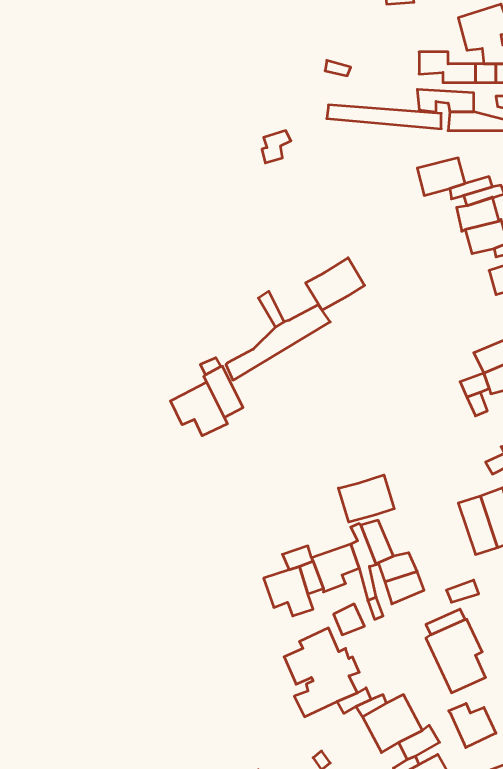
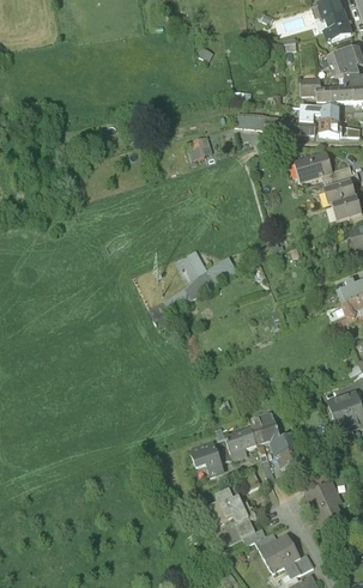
building: [306,258,365,310] -> none
building: [170,382,227,436] -> none
building: [338,475,394,522] -> none
building: [449,703,496,748] -> none

